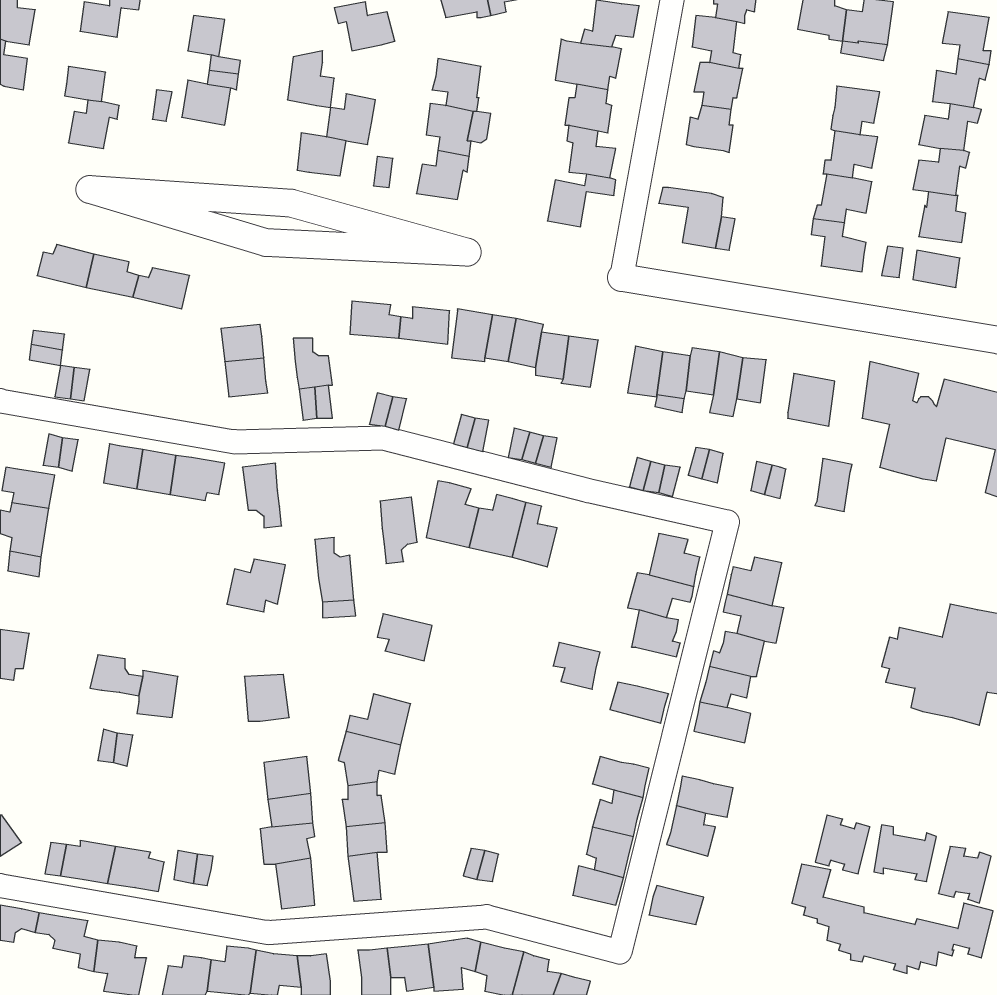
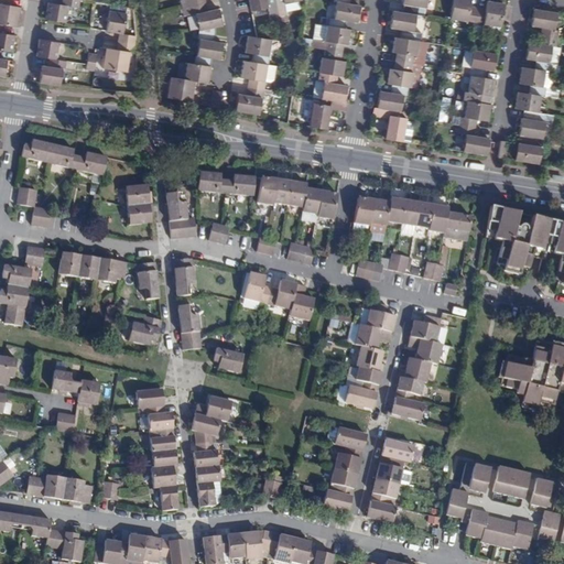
building: [287,51,334,108] -> [196,25,223,57]
building: none -> [378,83,409,109]
building: [815,459,852,511] -> [429,203,449,232]
building: [380,497,417,564] -> [174,257,195,294]
building: [553,642,600,689] -> [356,365,382,391]
building: none -> [148,404,174,430]
building: none -> [371,476,400,503]

